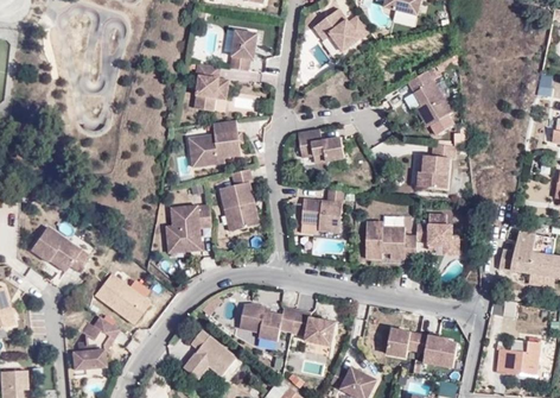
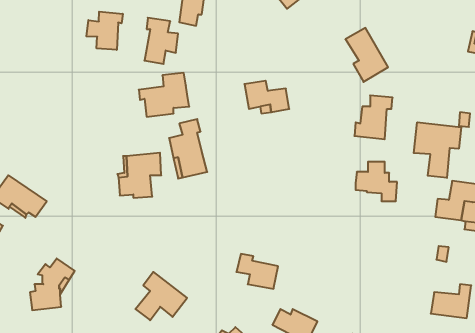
building: none -> [86,12,123,50]
building: none -> [414,122,461,178]
building: [300,188,343,233] -> none
building: [365,220,416,259] -> none
building: [93,274,147,327] -> none
building: [237,304,295,342] -> none
building: [387,329,458,368] -> none

